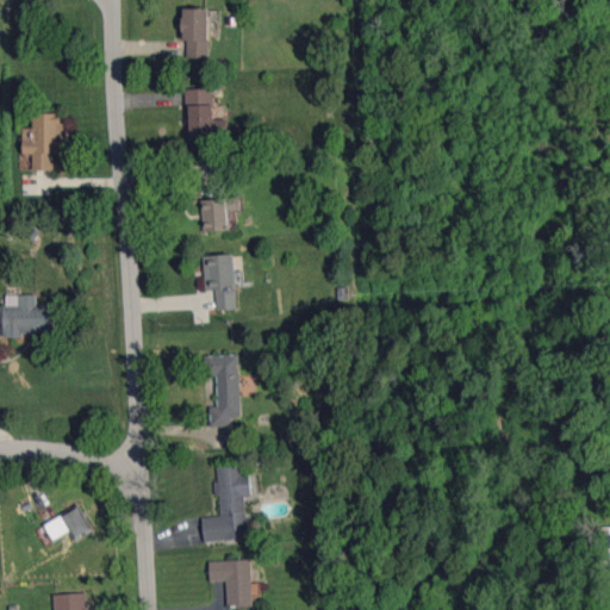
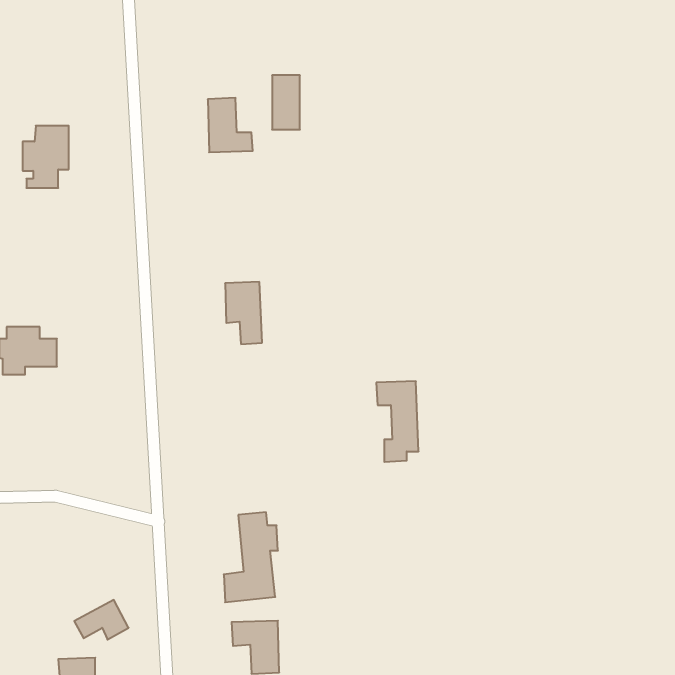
building: [183,10,208,58] -> [272,75,300,130]
building: [201,200,228,232] -> none
building: [203,355,241,428] -> [376,381,419,462]
building: [44,506,93,542] -> [74,600,129,640]

